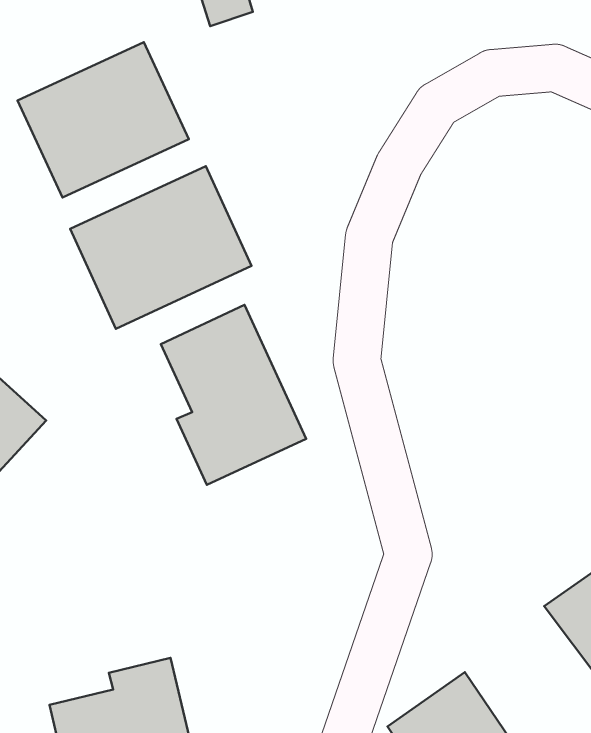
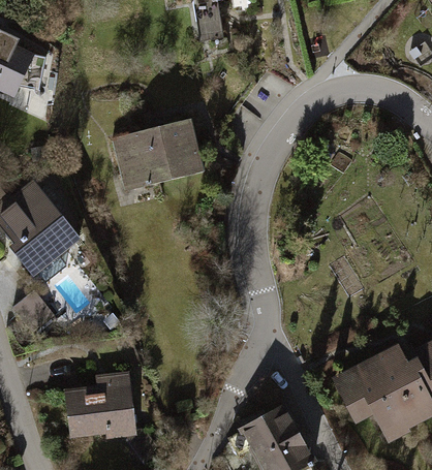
building: [17,42,189,198] -> none
building: [161,305,306,485] -> none

